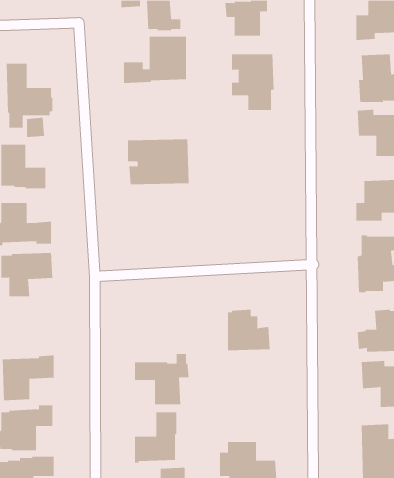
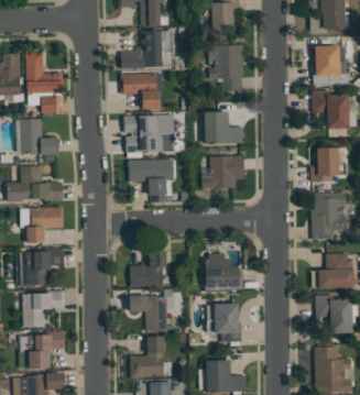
building: none -> [121,74,160,109]
building: none -> [204,111,243,144]
building: none -> [201,155,244,188]
building: none -> [129,158,174,196]
building: none -> [26,248,64,286]
building: none -> [130,251,167,287]
building: none -> [207,303,242,345]

